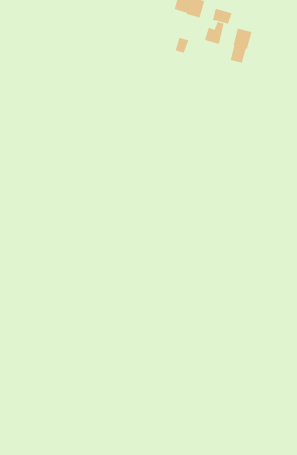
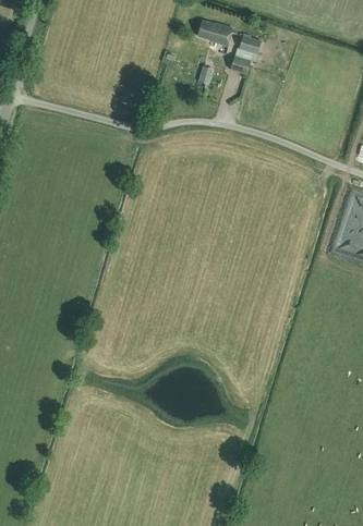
building: [230,28,252,64] -> none

